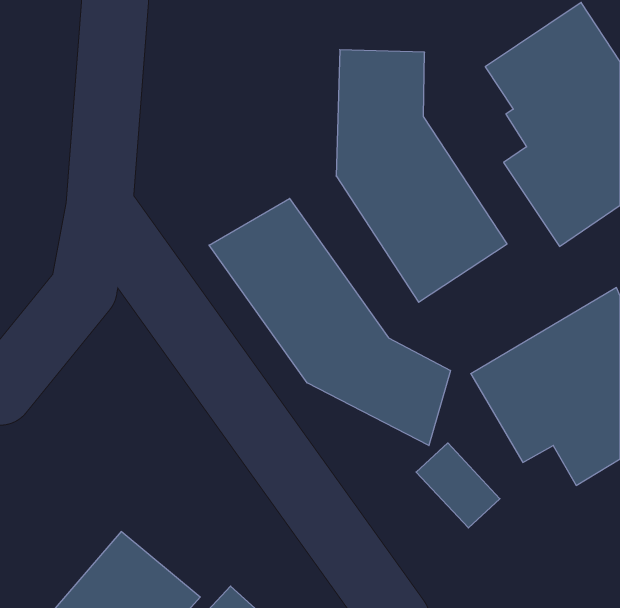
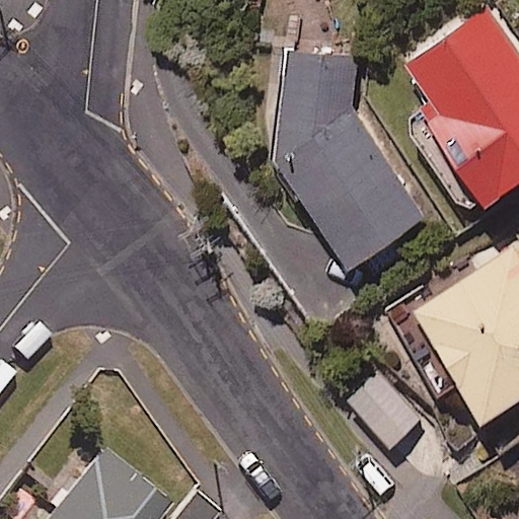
building: [209,198,450,446] -> none

